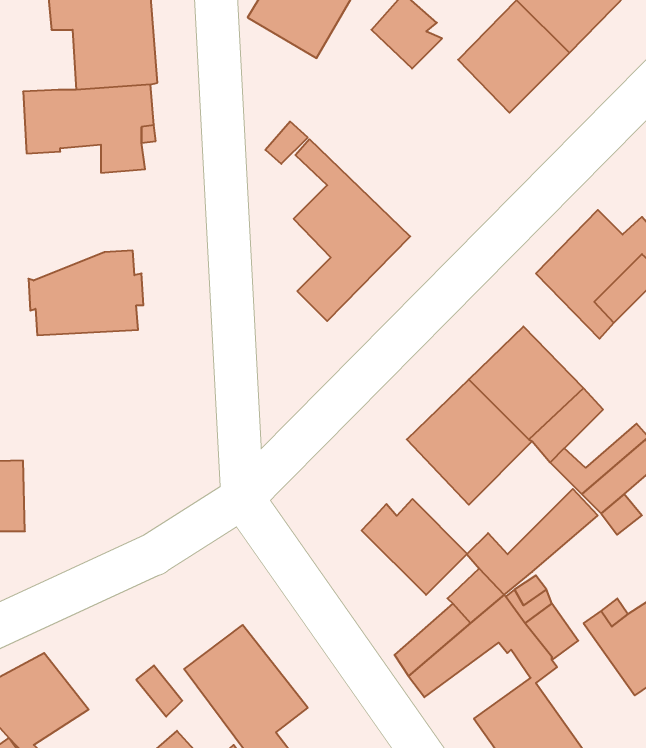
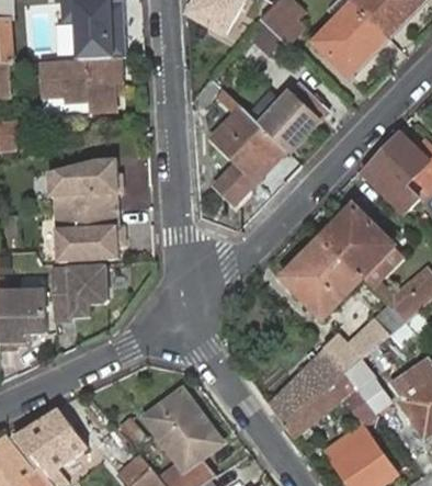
building: none -> [263,83,325,145]
building: none -> [53,207,123,261]
building: none -> [49,265,106,320]
building: [362,499,467,595] -> none

